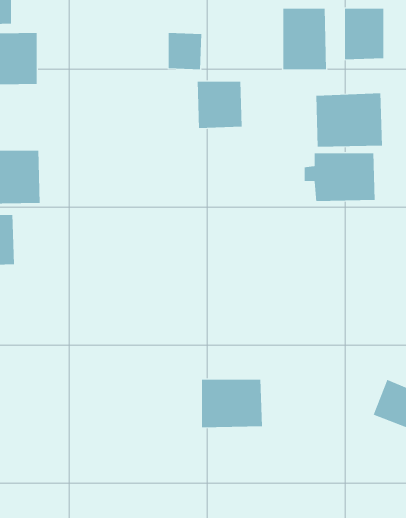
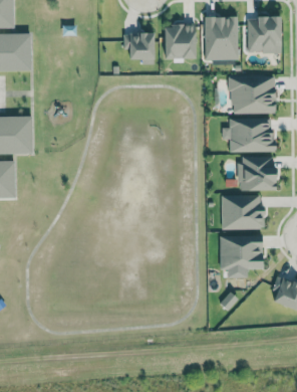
building: [197,81,242,128] -> [162,25,194,58]
building: none -> [239,157,271,191]
building: none -> [221,195,260,230]
building: [201,379,263,428] -> [219,236,262,270]

